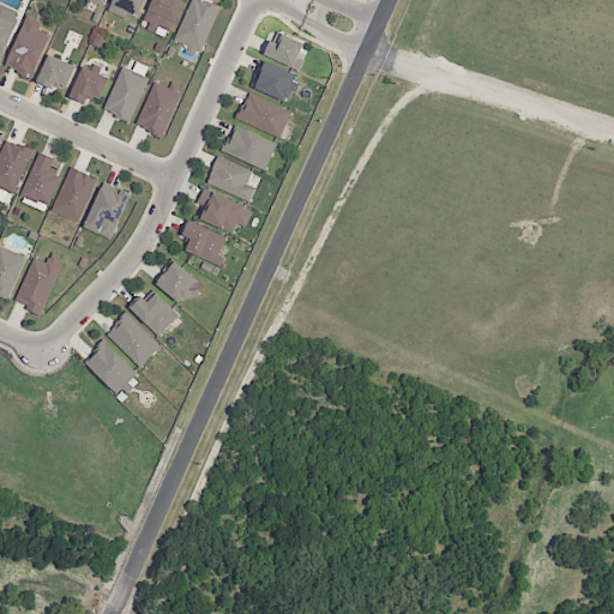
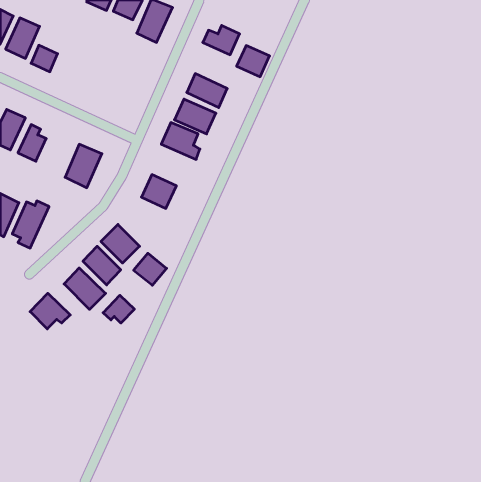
building: [254,61,296,101] -> [237,46,270,77]
building: [68,66,110,102] -> none
building: [103,66,149,121] -> none
building: [138,79,181,132] -> none
building: [53,169,97,221] -> none
building: [197,191,242,231] -> none
building: [156,261,198,302] -> [134,253,167,285]
building: none -> [30,293,70,329]
building: none -> [103,295,134,323]

